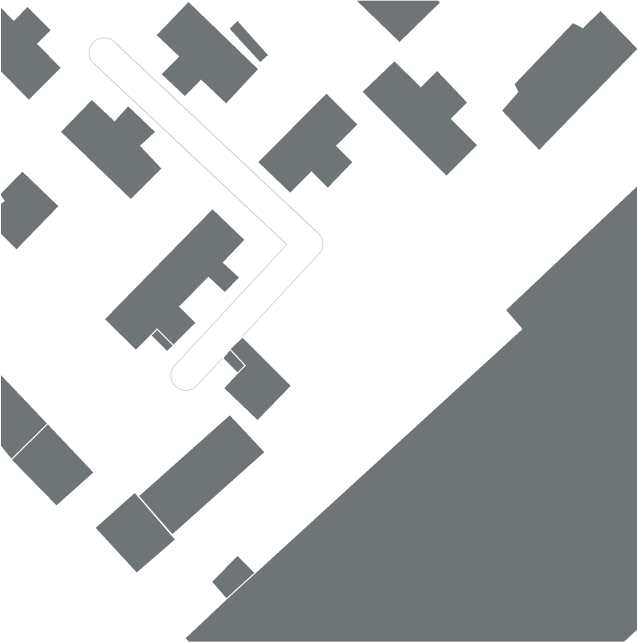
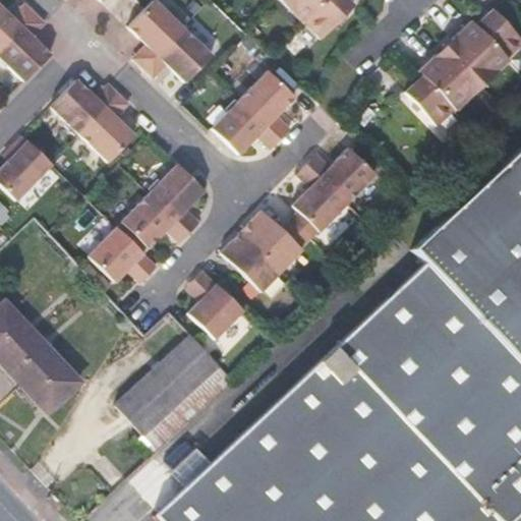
building: [362,60,478,176] -> none
building: none -> [219,150,373,293]
building: [95,492,176,573] -> none

